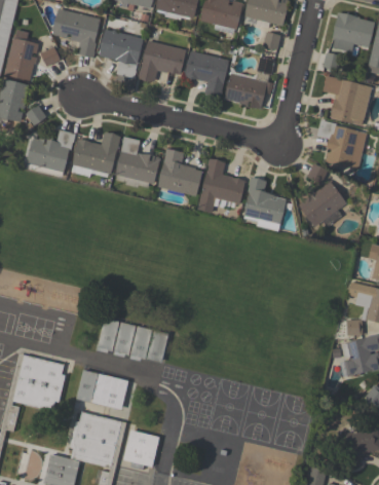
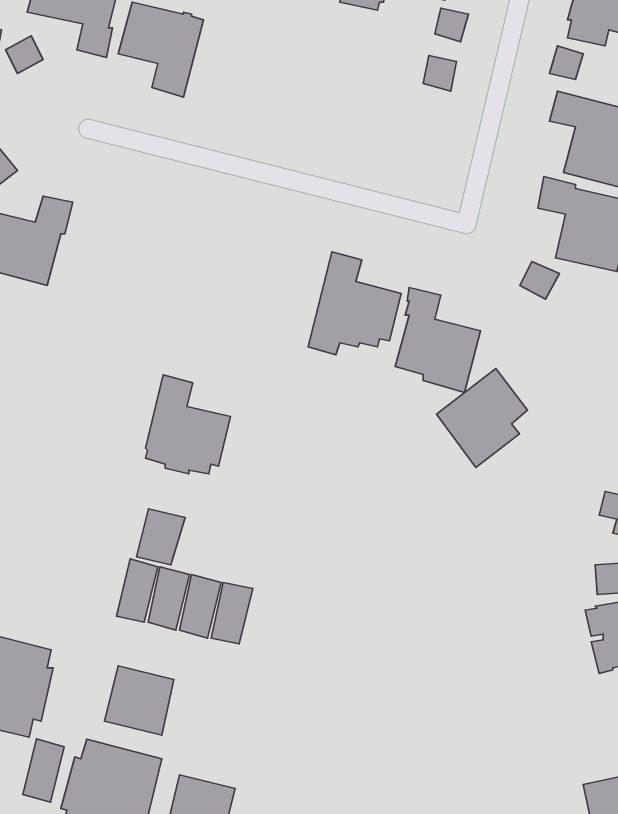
building: [139,40,186,81] -> none
building: [184,50,229,97] -> none
building: [224,71,273,108] -> none
building: [71,132,119,177] -> none
building: [115,136,159,187] -> [145,375,231,474]
building: [158,149,201,196] -> none
building: [299,181,346,232] -> [436,368,527,467]
building: none -> [137,509,185,565]
building: [76,369,98,402] -> [23,739,64,802]

